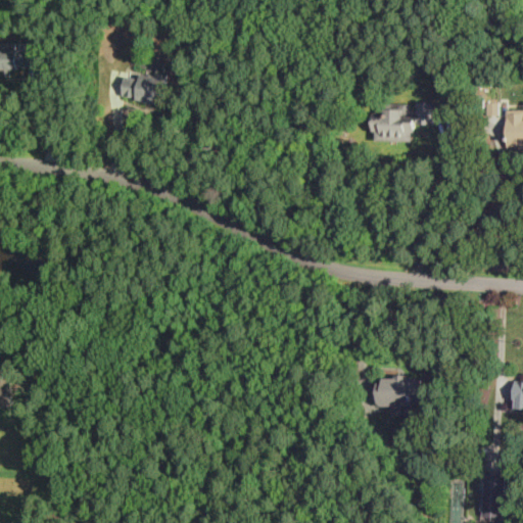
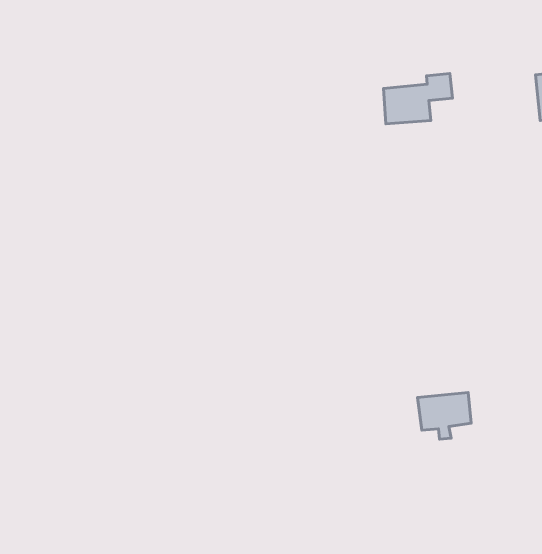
building: [118,72,163,103] -> none

